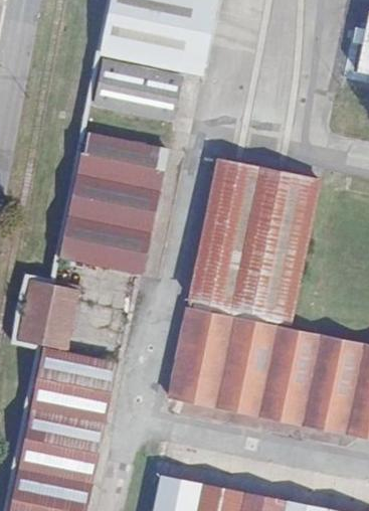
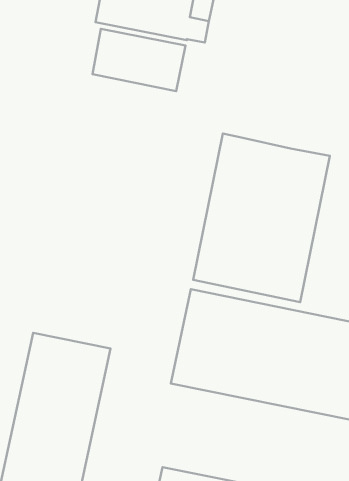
building: [58,132,169,274] -> none
building: [21,281,73,348] -> none

